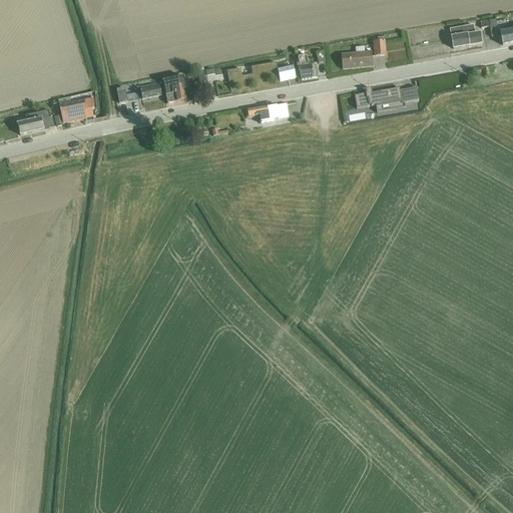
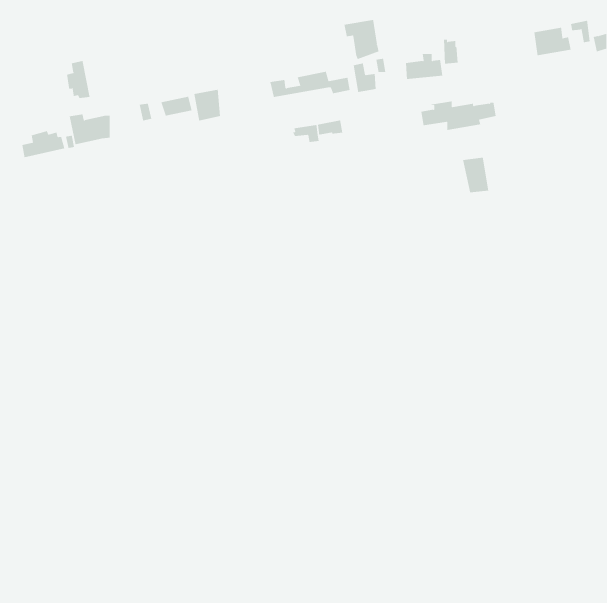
building: none -> [344,19,379,60]
building: none -> [67,60,90,99]
building: none -> [462,157,489,193]

